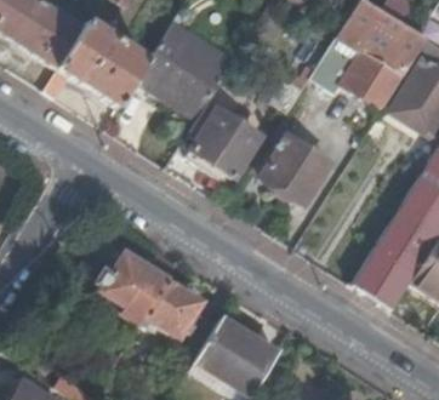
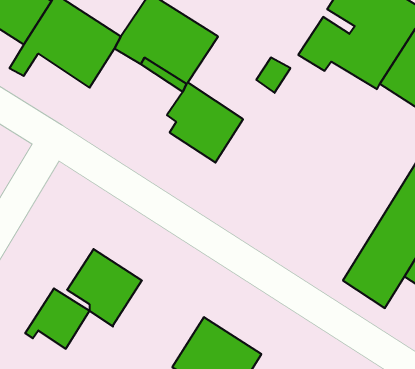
building: [262,132,331,201] -> none
building: [141,284,200,339] -> [25,288,89,349]

